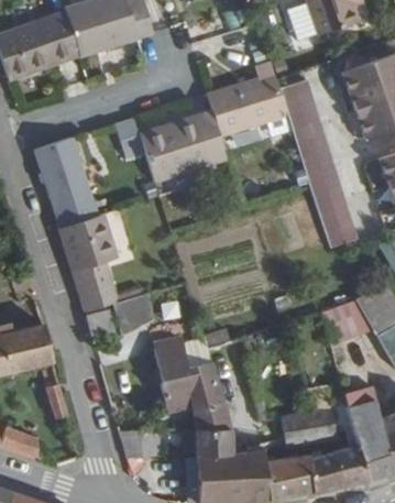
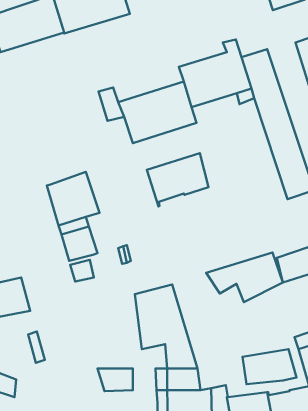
building: [37,135,114,226] -> none
building: none -> [147,153,209,206]
building: none -> [206,253,283,302]

